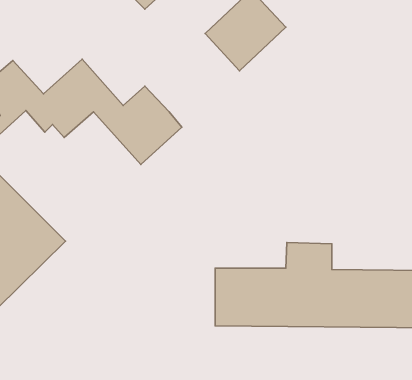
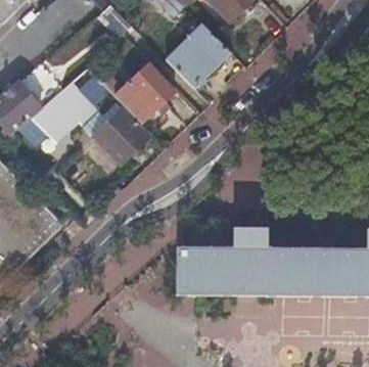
building: none -> [88,59,174,123]

